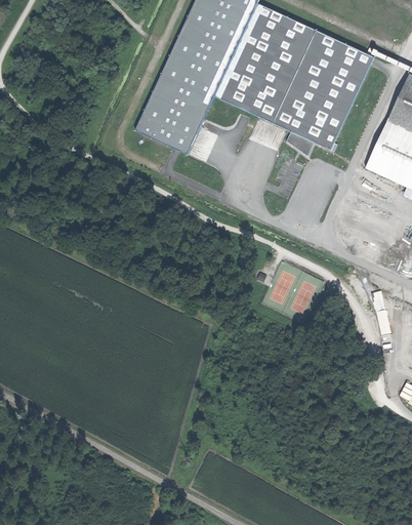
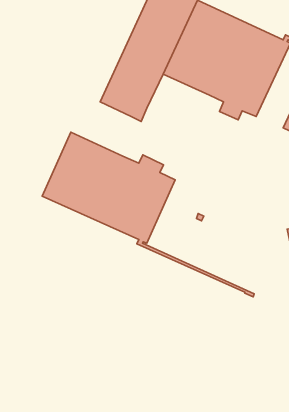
building: none -> [42,132,254,297]

